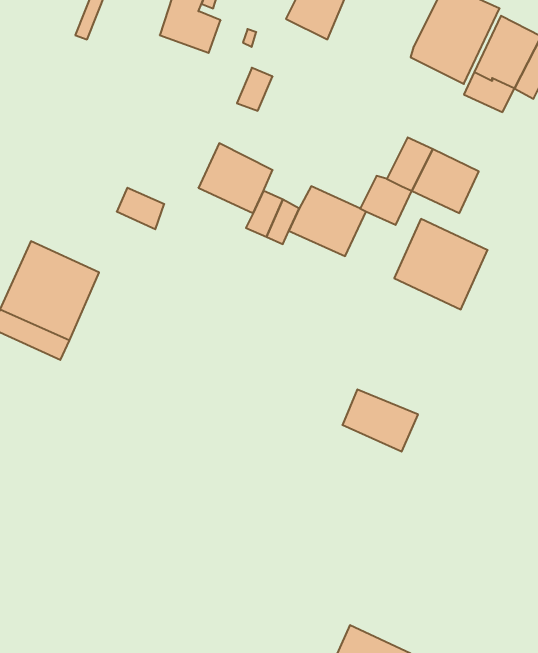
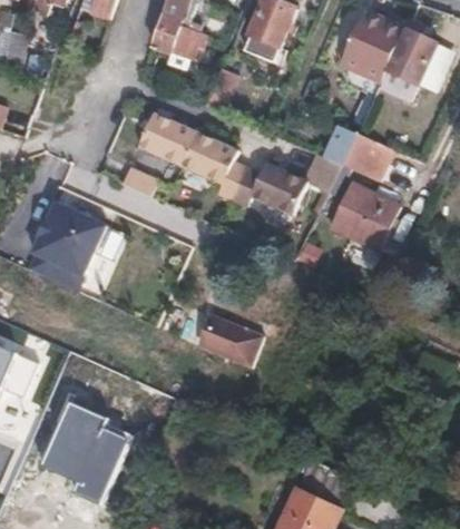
building: none -> [139,108,196,160]
building: [342,389,418,452] -> [203,319,260,365]
building: none -> [42,402,129,502]

